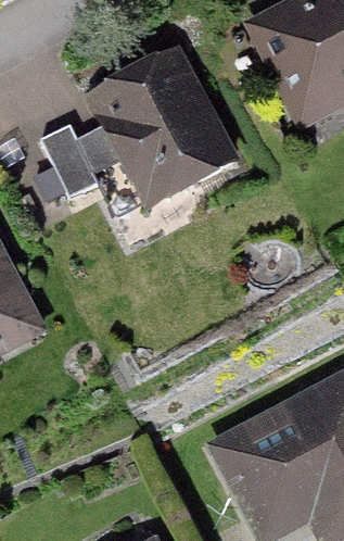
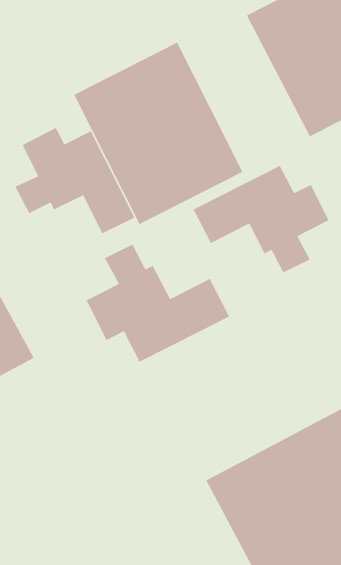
building: none -> [192,165,329,274]
building: none -> [86,243,230,363]

